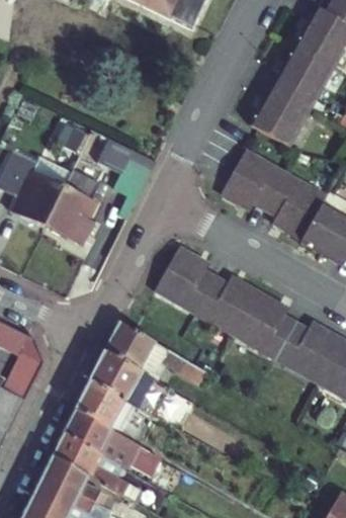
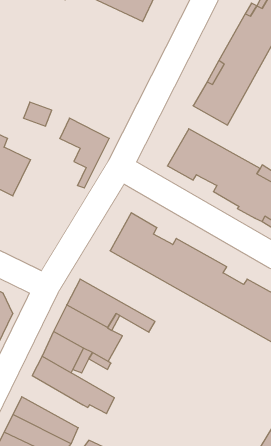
building: [44,171,98,247] -> none
building: [54,433,142,503] -> none

